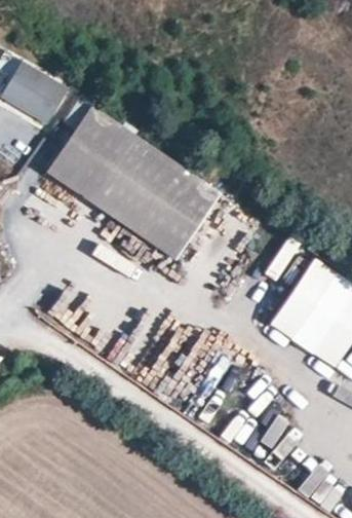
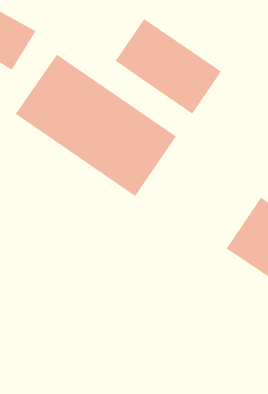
building: none -> [115,18,222,115]

